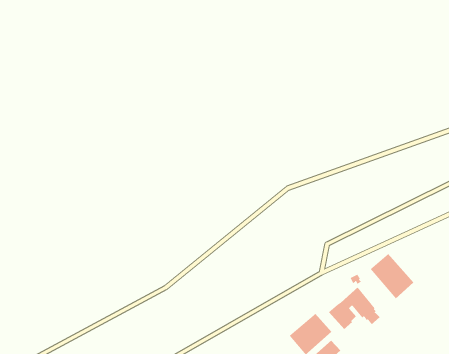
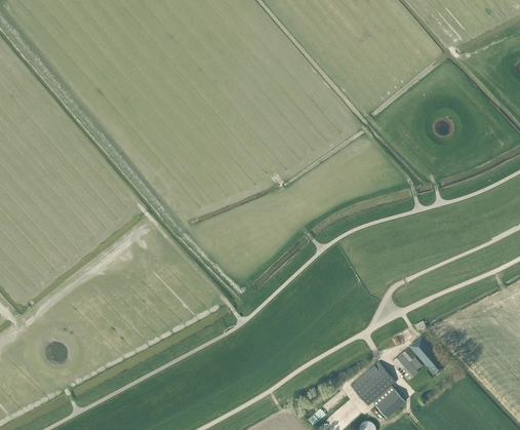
building: [370,253,414,299] -> none

